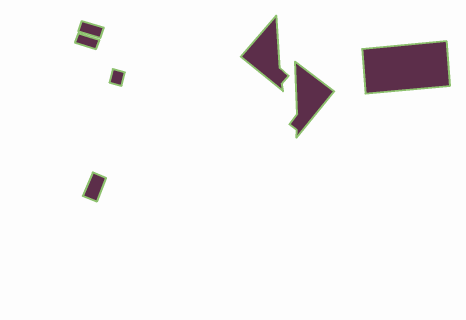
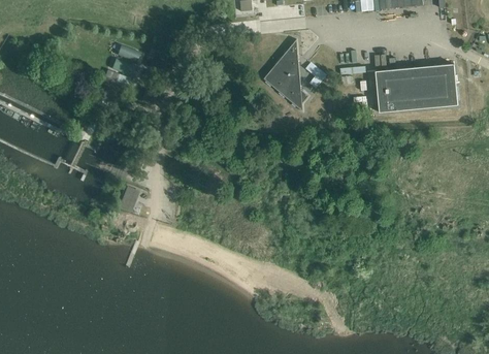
building: [289,62,334,138] -> none

